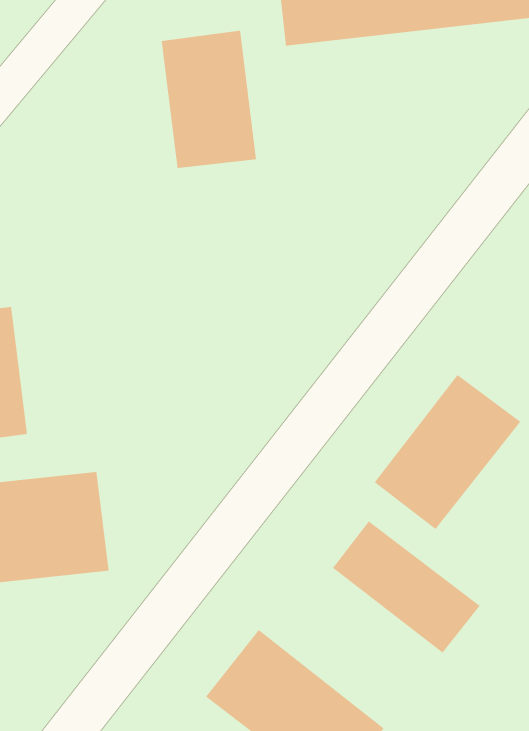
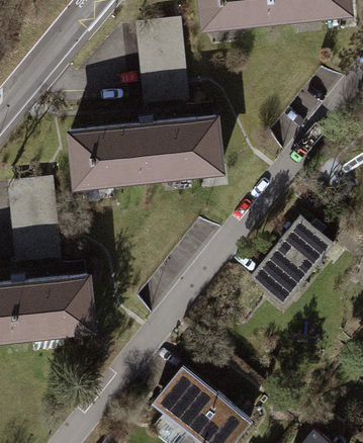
building: none -> [67,116,224,190]
building: [332,521,481,653] -> none

